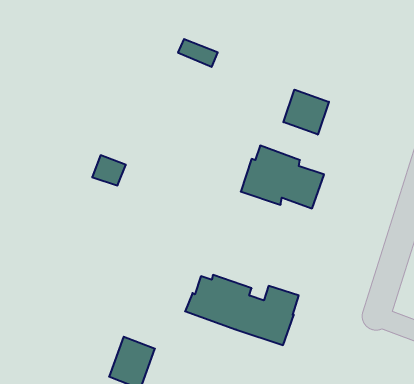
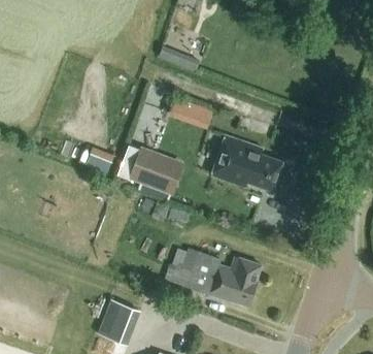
building: [283,90,329,135] -> none
building: none -> [126,142,184,193]

